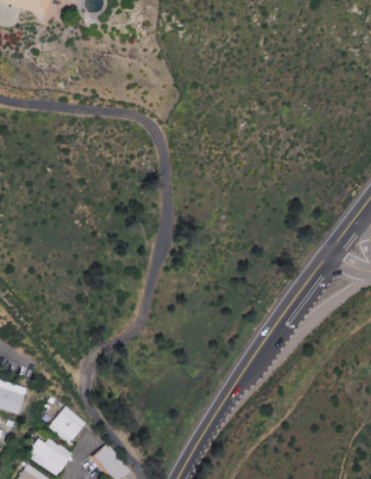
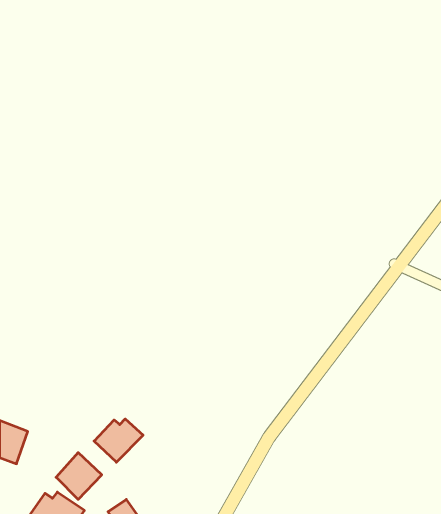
building: none -> [94,419,143,462]

